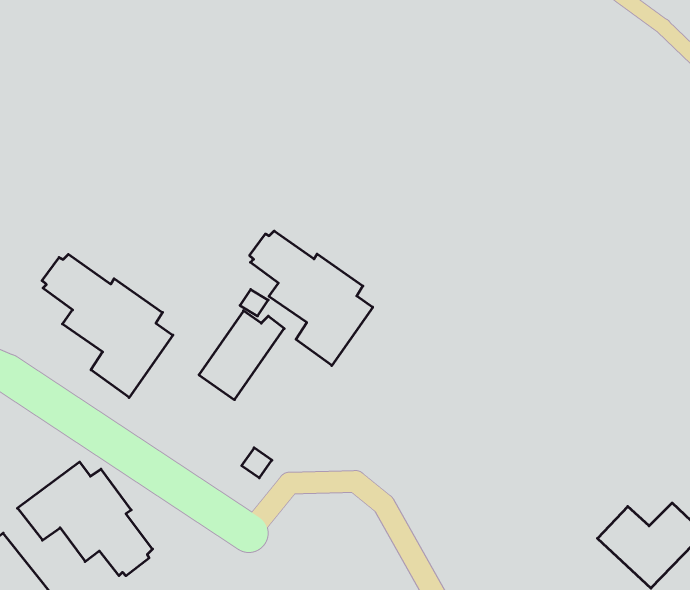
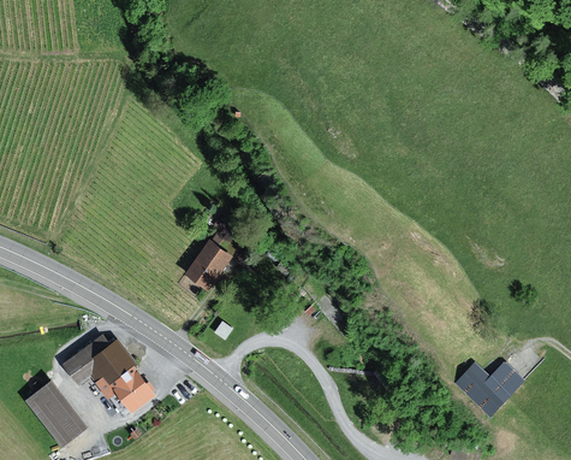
building: [250,231,373,366] -> none
building: [42,254,173,398] -> none

